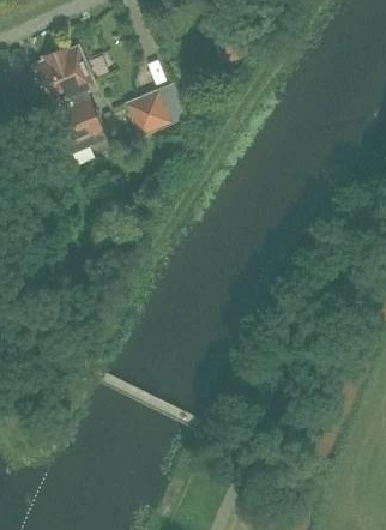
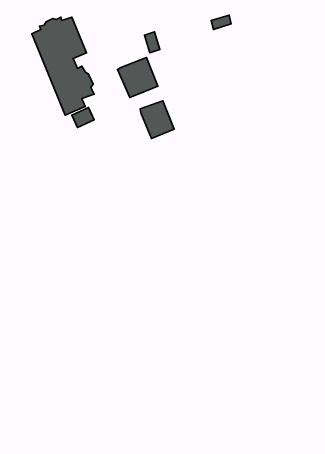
building: none -> [140,101,174,139]

